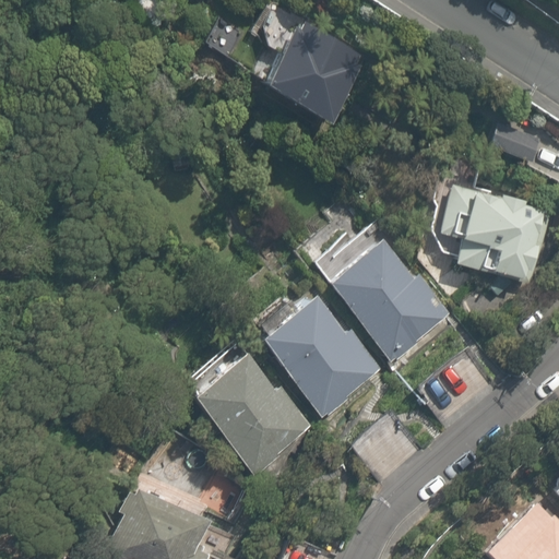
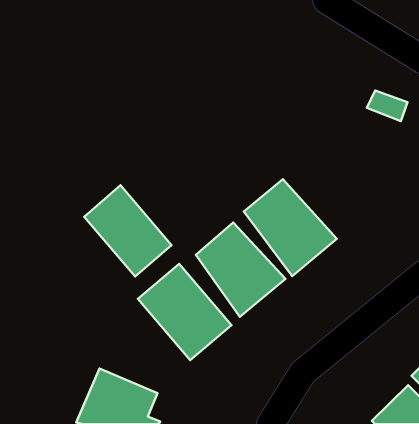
building: [264,14,365,121] -> none
building: [437,183,545,278] -> none
building: none -> [84,185,171,277]

